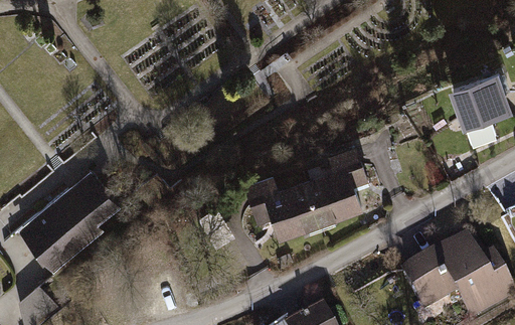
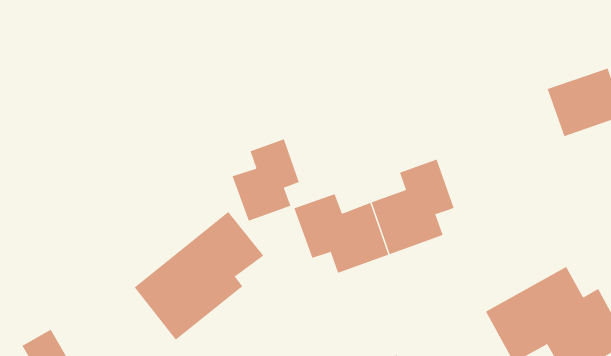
building: none -> [232,138,300,221]
building: [13,170,120,276] -> [134,211,264,340]

